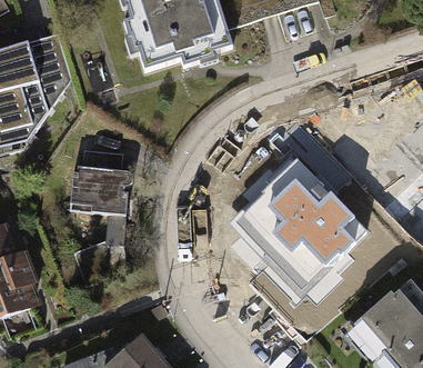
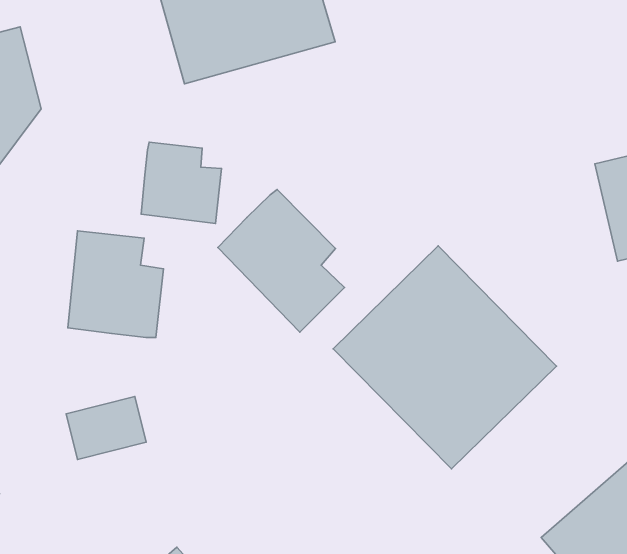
building: none -> [141,142,222,223]
building: none -> [218,189,345,332]

